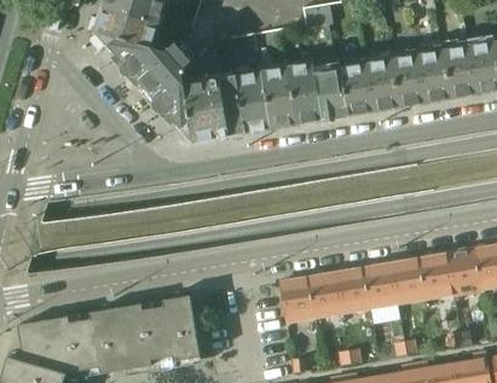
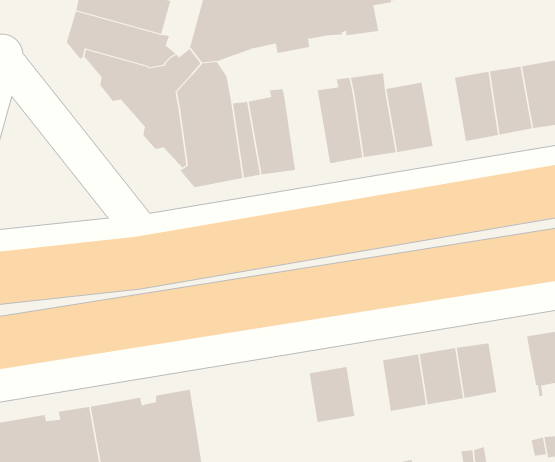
building: [365,59,398,111] -> none
building: [261,64,295,129] -> none
building: [416,255,451,297] -> none
building: [308,273,341,315] -> none

